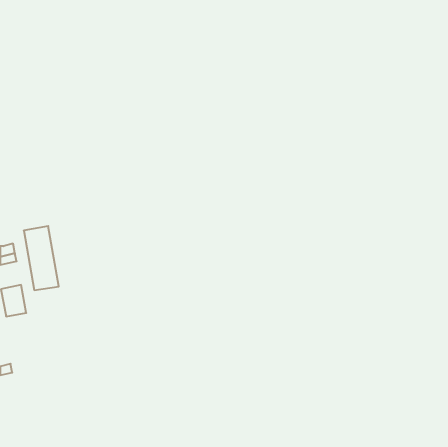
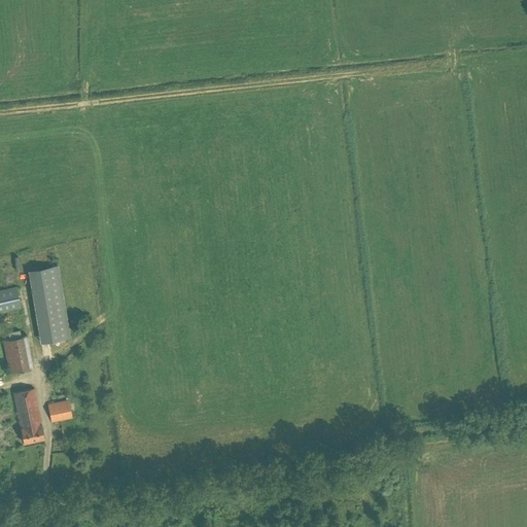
building: none -> [13,389,44,444]
building: none -> [47,400,72,423]

